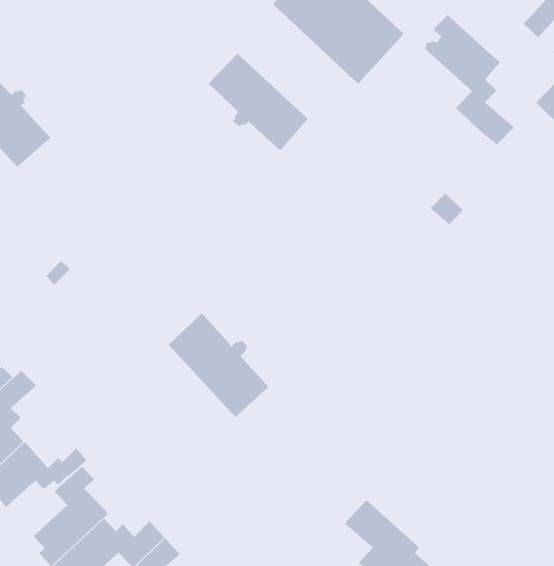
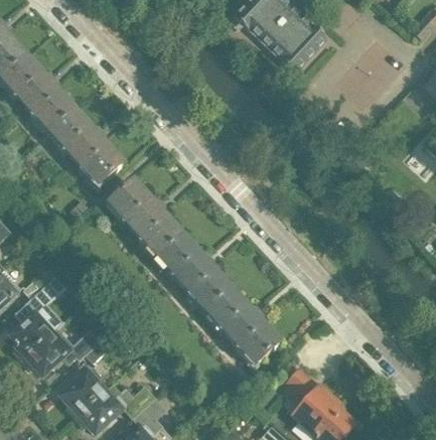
building: [425,14,515,146] -> none
building: [208,53,308,151] -> none
building: none -> [50,110,124,185]
building: none -> [109,181,182,258]
building: none -> [206,288,280,364]

